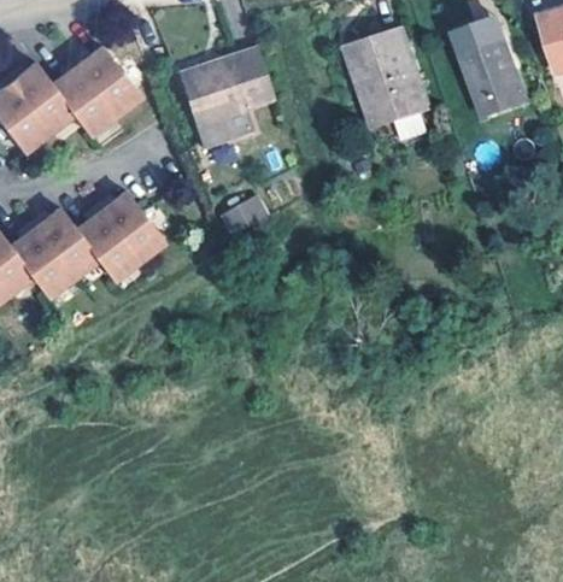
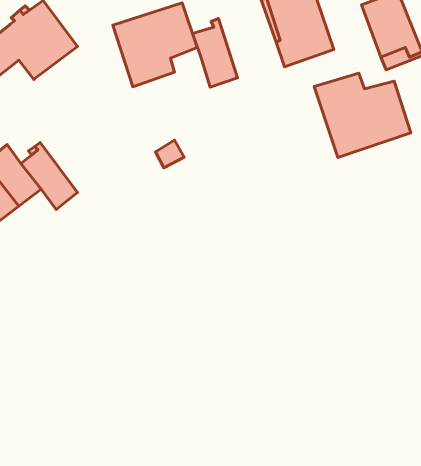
building: none -> [192,19,238,87]
building: none -> [314,73,411,158]
building: [96,190,165,263] -> none

